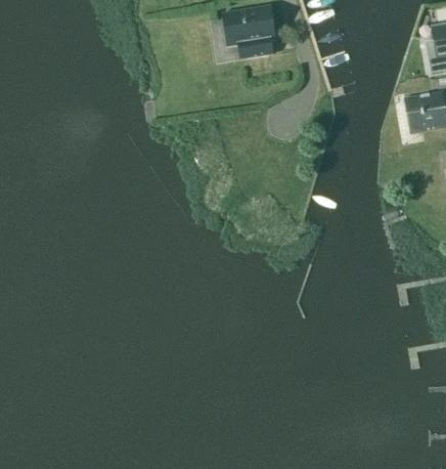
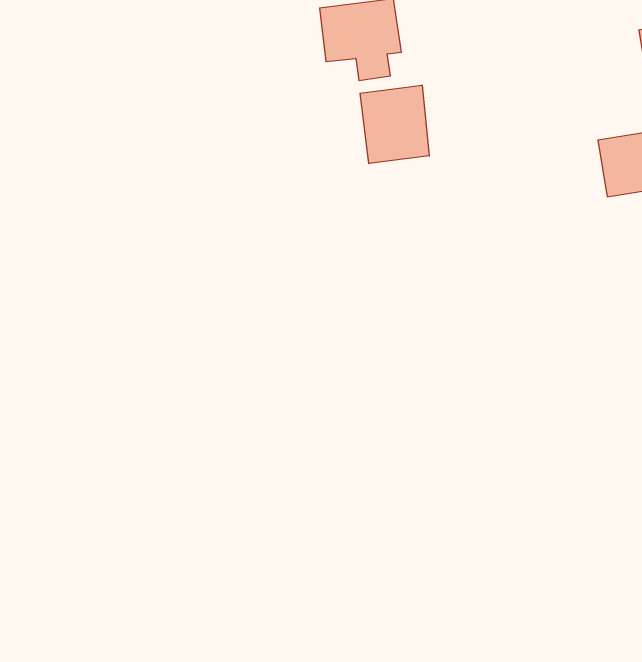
building: none -> [360,85,429,164]

